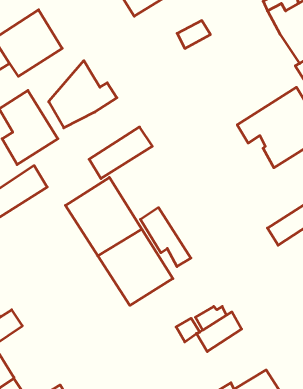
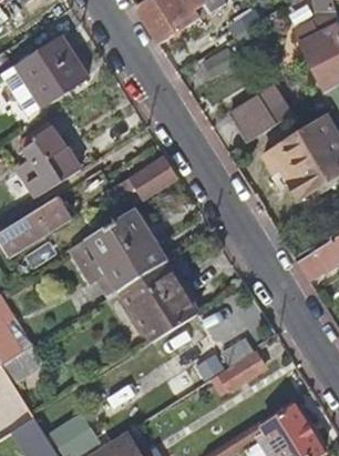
building: none -> [228,85,291,142]
building: [49,61,117,128] -> none
building: [140,208,191,267] -> [69,237,121,298]

